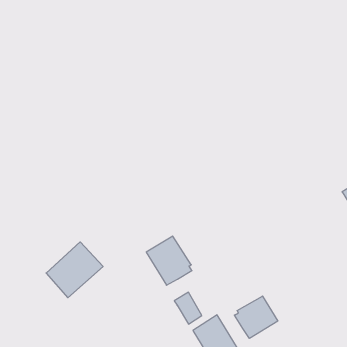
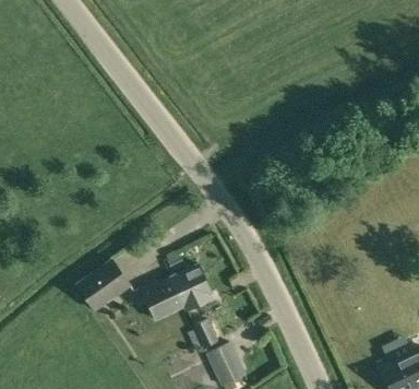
building: none -> [142,276,188,320]
building: [234,296,278,338] -> none

